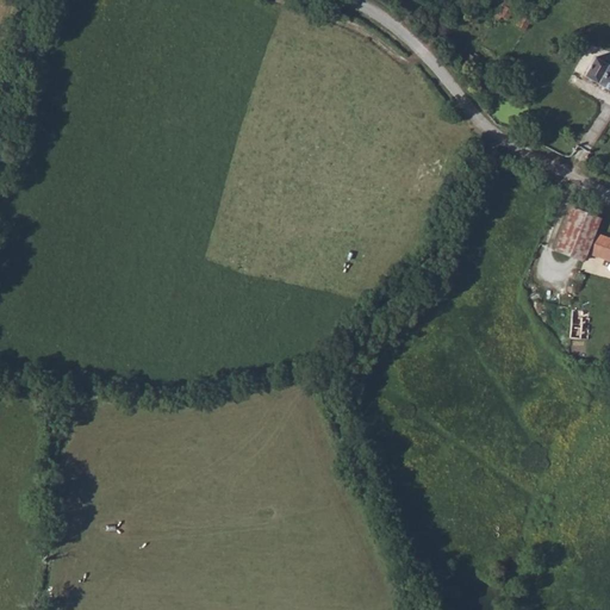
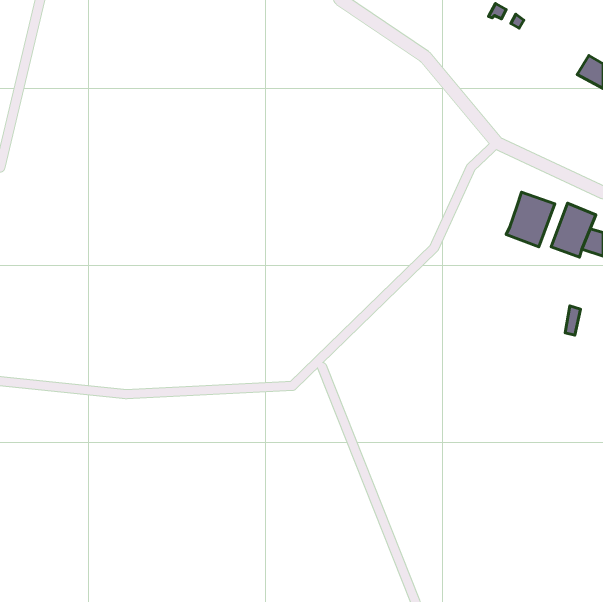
building: none -> [506,192,555,247]

